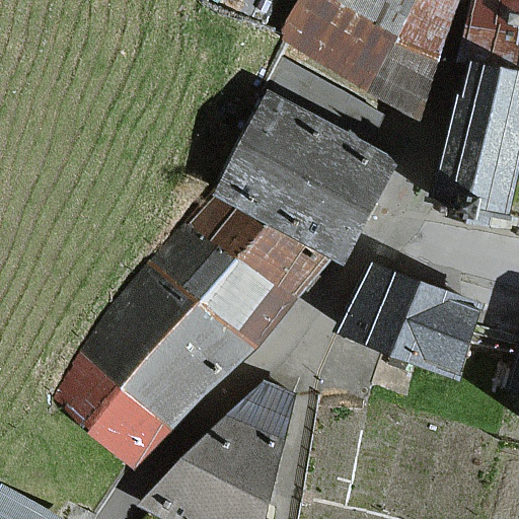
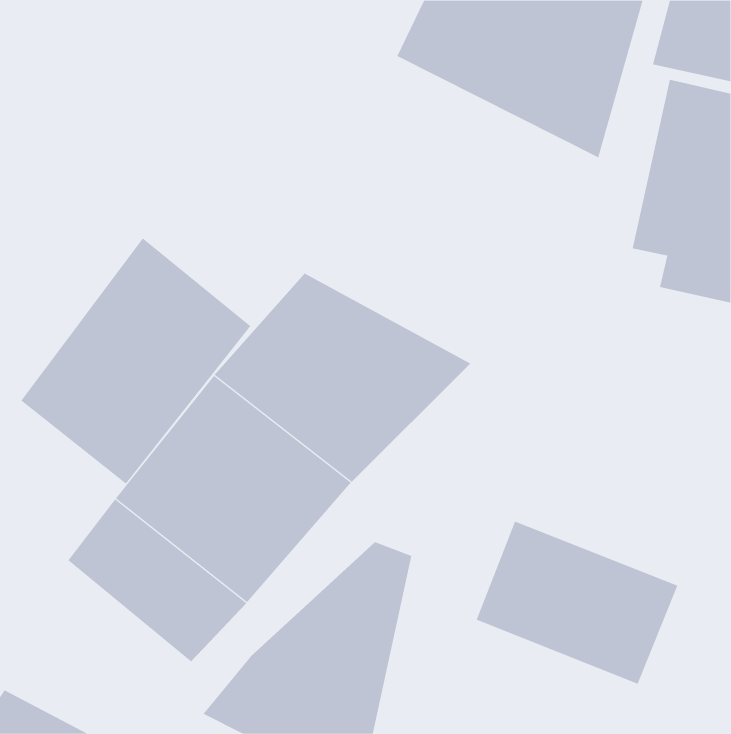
building: [215,92,396,262] -> none
building: none -> [21,238,251,485]
building: [342,260,485,375] -> [476,521,678,685]

